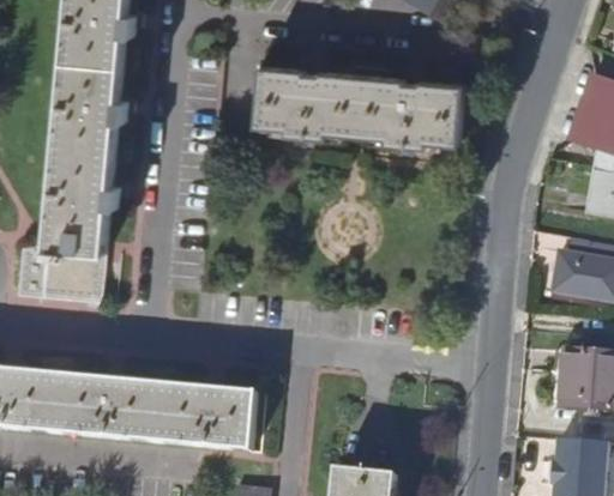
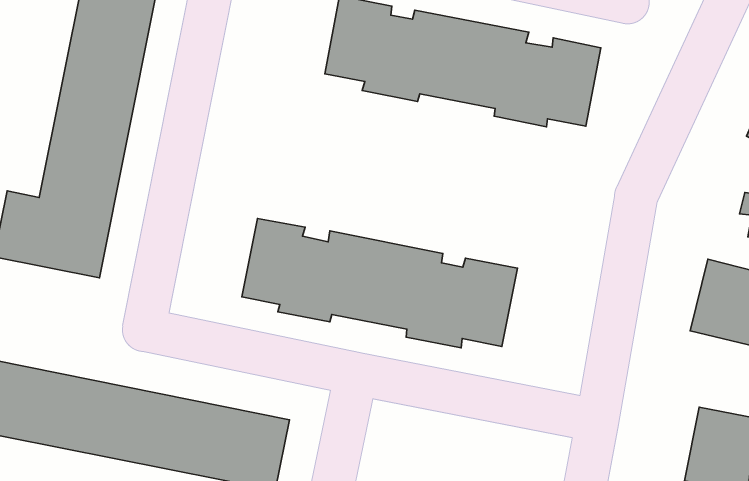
building: none -> [242,219,518,348]

